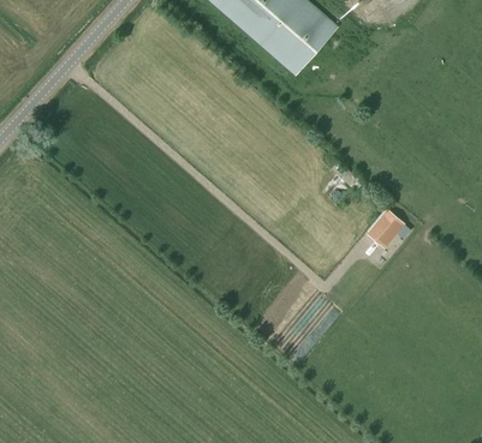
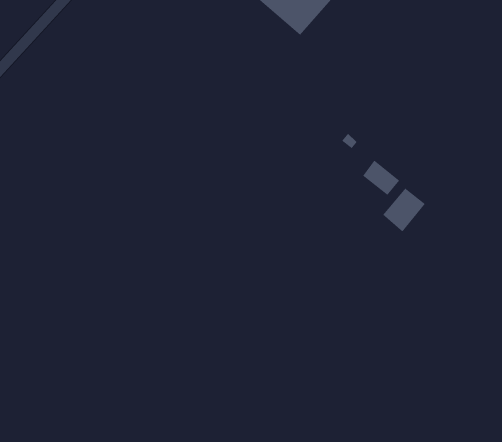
building: none -> [362,159,400,196]

